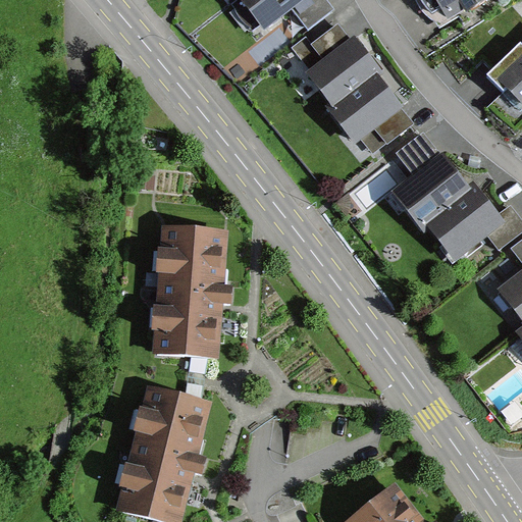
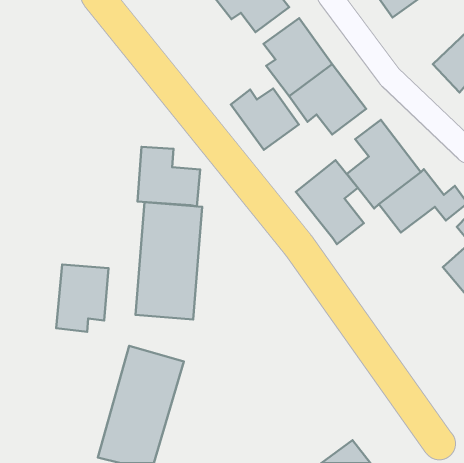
building: none -> [231,88,299,150]
building: none -> [138,147,200,206]
building: none -> [296,160,364,244]
building: none -> [56,264,108,332]

